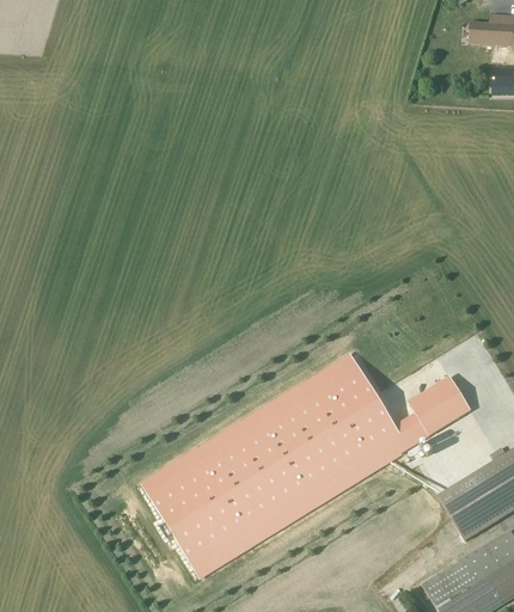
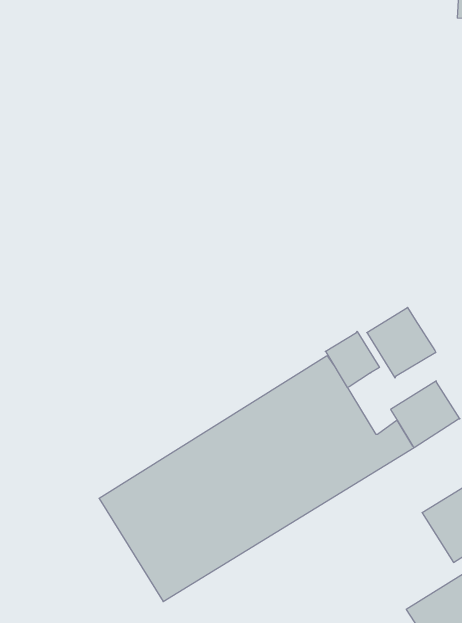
building: none -> [367,307,436,378]
building: none -> [325,331,379,387]

